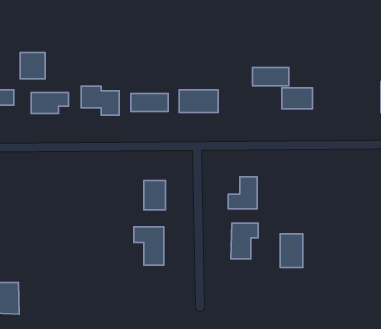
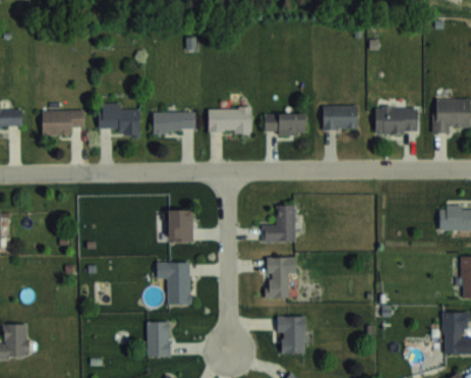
building: [20,53,45,79] -> none
building: [253,68,289,86] -> [264,114,305,134]
building: none -> [374,107,417,133]
building: [280,234,303,268] -> [279,316,304,354]
building: none -> [148,322,169,358]

